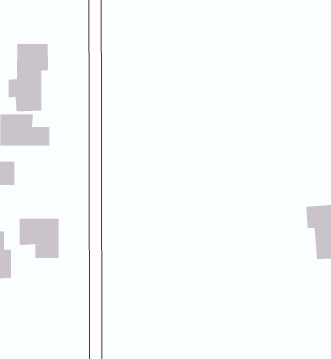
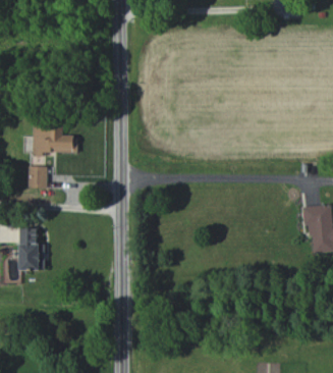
building: [8,43,49,112] -> none
building: [19,218,59,259] -> none

